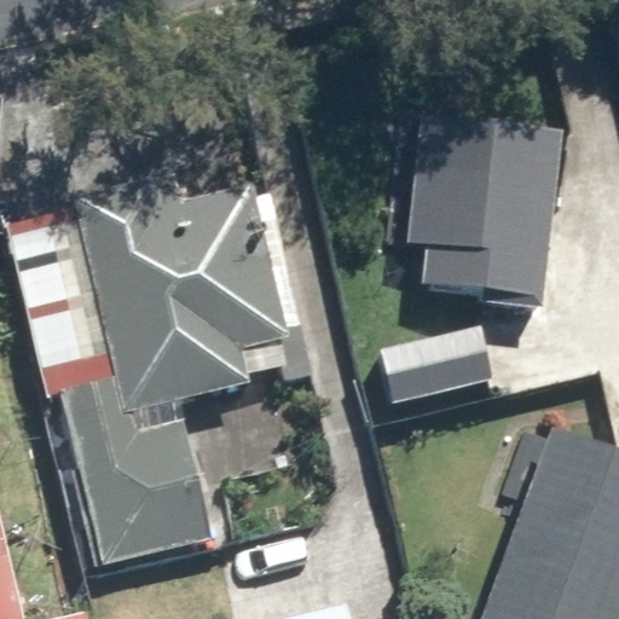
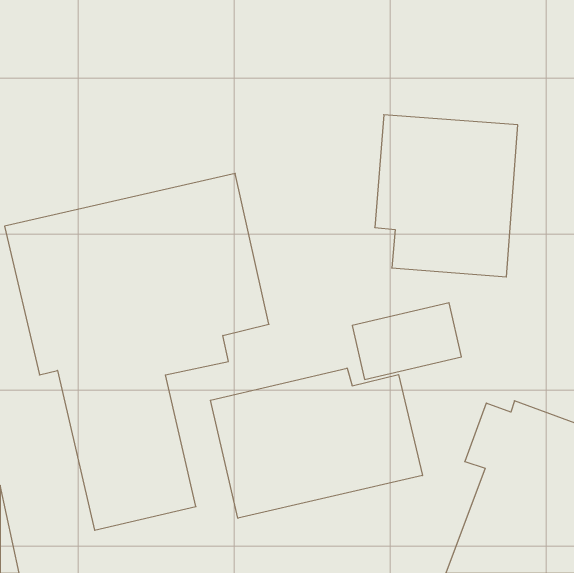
building: none -> [210,368,422,518]

